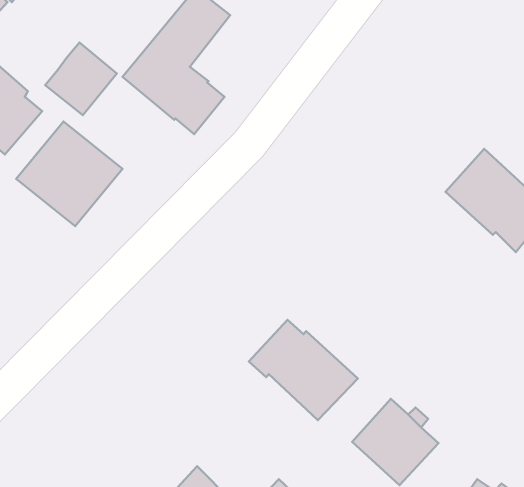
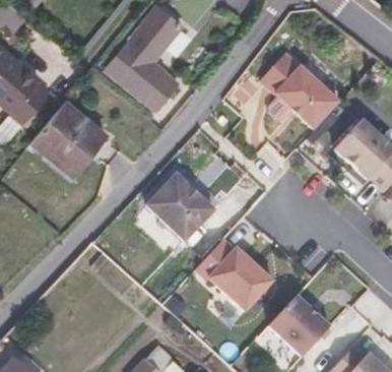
building: [45,42,117,115] -> none
building: none -> [264,59,338,131]
building: none -> [145,176,212,243]

